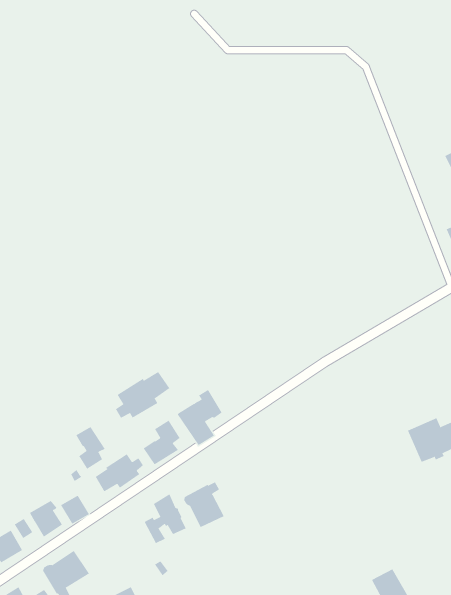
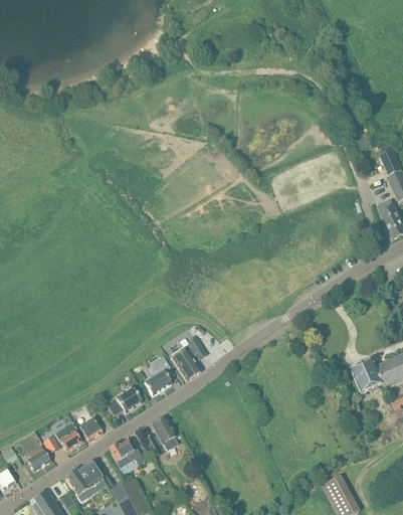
building: [115,371,170,419] -> none
building: [75,426,106,472] -> none
building: [184,481,224,528] -> none
building: none -> [109,439,144,474]

